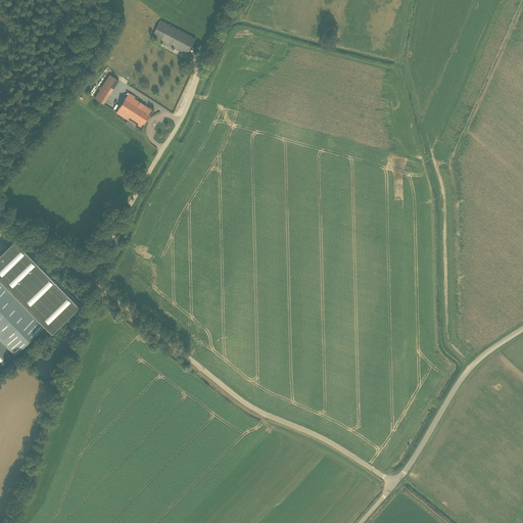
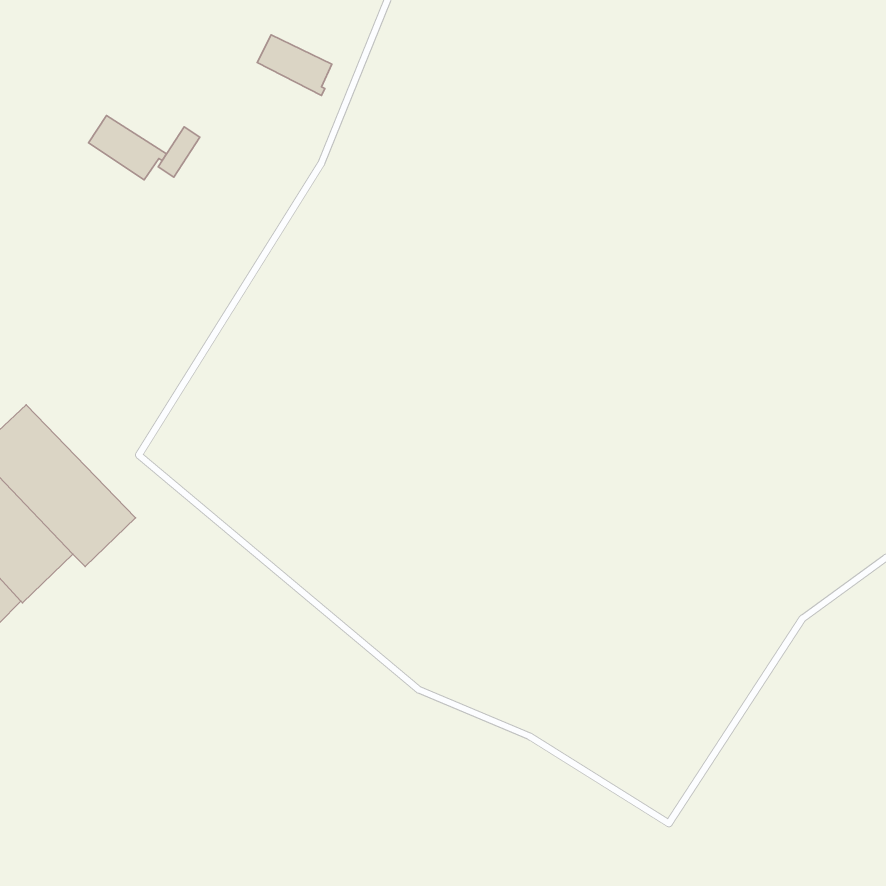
building: none -> [89,116,167,180]
building: [115,94,150,129] -> none

